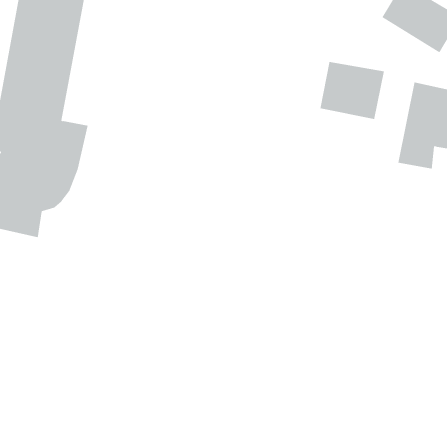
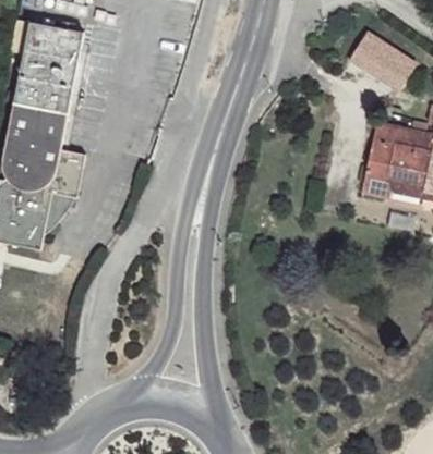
building: [320,61,384,120] -> none

